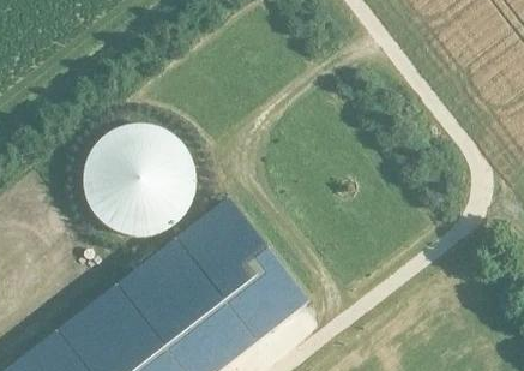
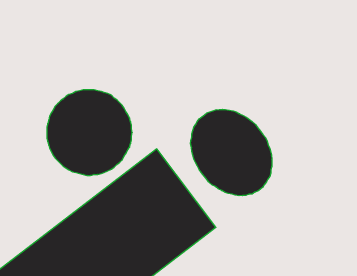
building: none -> [191,109,272,196]

